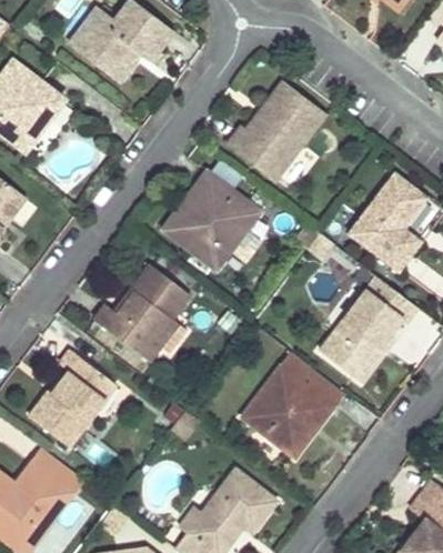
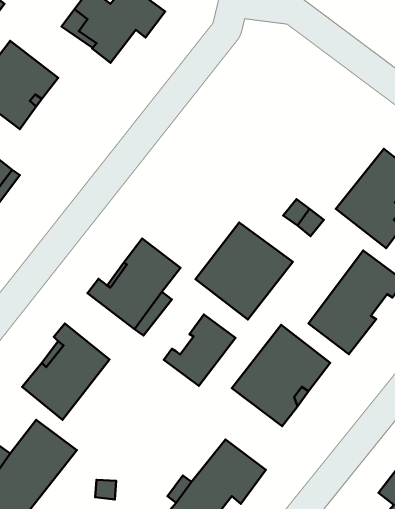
building: [229,82,326,180] -> none
building: [162,171,261,270] -> [195,222,293,320]
building: none -> [164,314,236,386]

